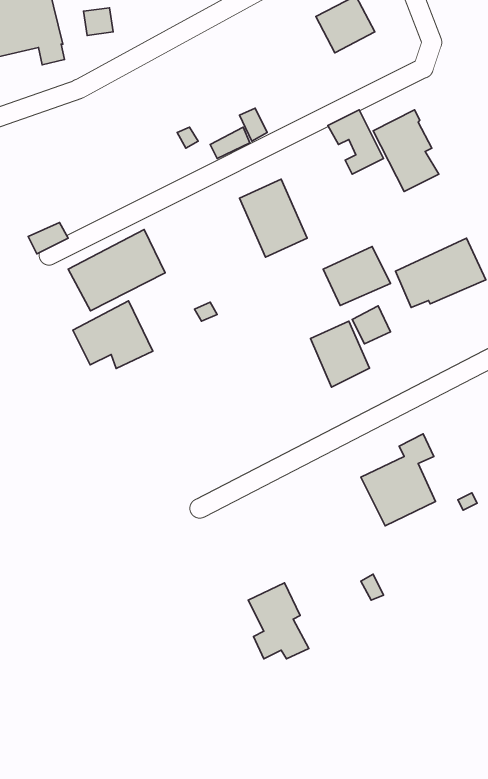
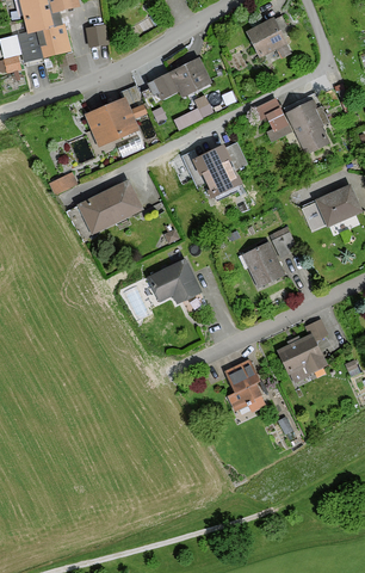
building: none -> [151,58,210,99]
building: none -> [85,81,148,143]
building: [323,246,391,305] -> none
building: [73,301,153,368] -> [147,257,202,303]
building: [248,583,309,659] -> [224,359,266,412]

